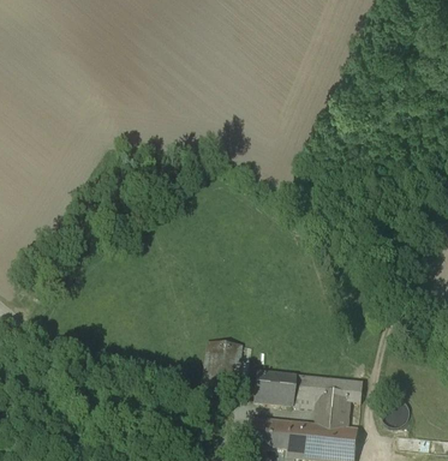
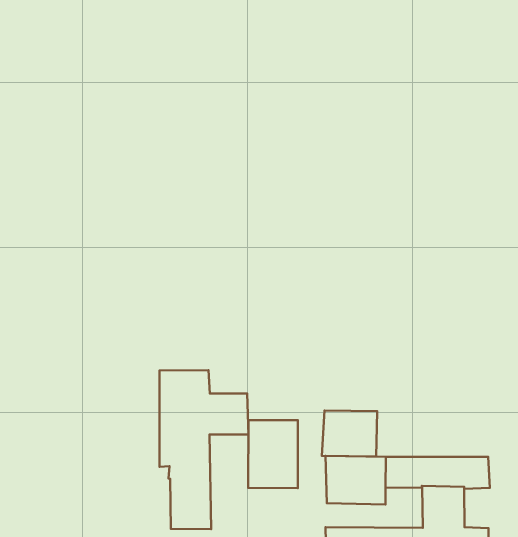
building: none -> [159,370,248,529]
building: none -> [322,411,377,457]

